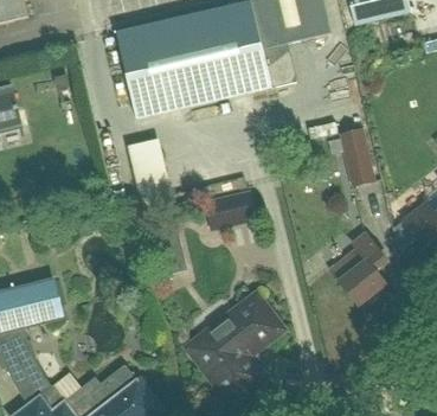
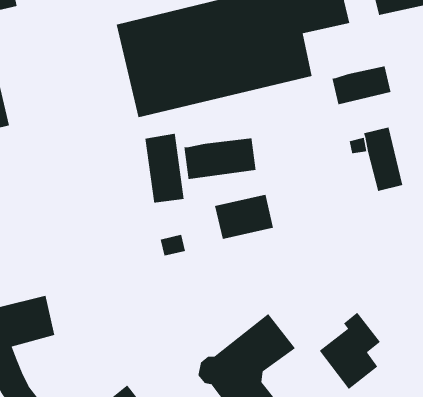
building: none -> [332,65,391,105]
building: none -> [184,138,256,180]
building: [329,233,386,305] -> [319,312,381,390]

